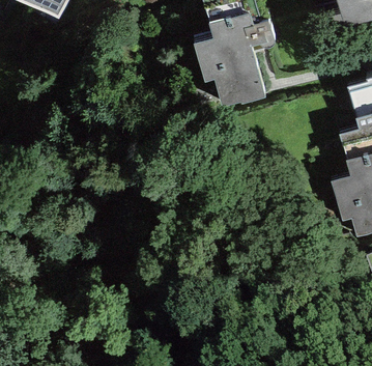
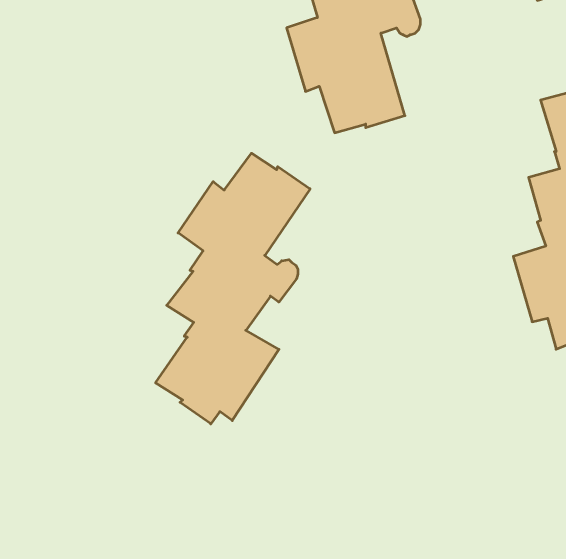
building: none -> [156,153,310,424]

